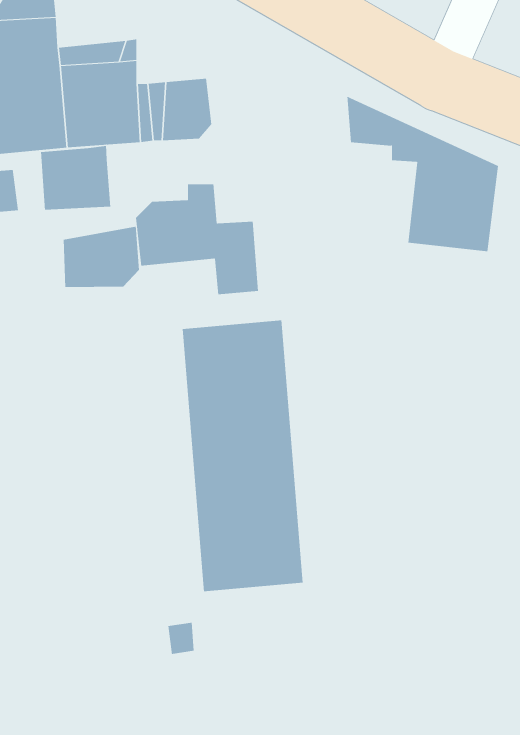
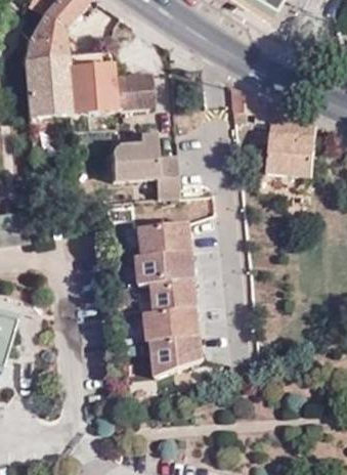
building: [40,145,111,211] -> none
building: [63,226,140,288] -> none

